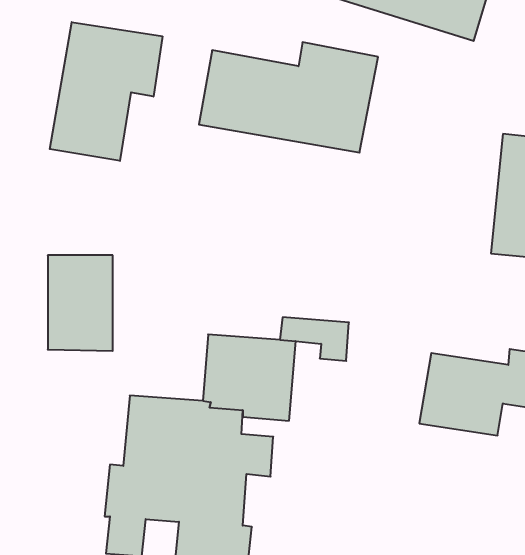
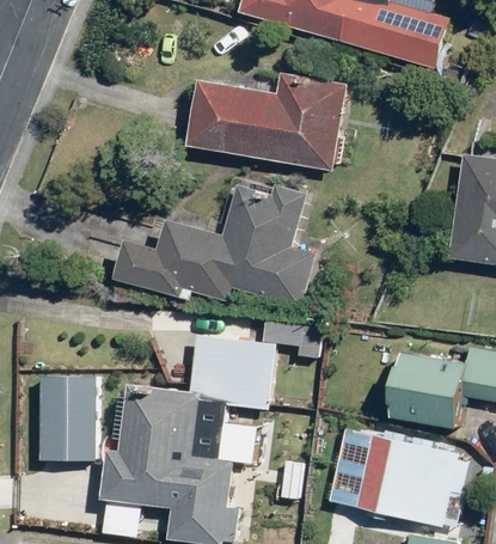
building: [50,22,162,161] -> none
building: none -> [114,184,314,307]
building: [48,255,113,351] -> [36,375,94,462]
building: none -> [356,438,458,527]

